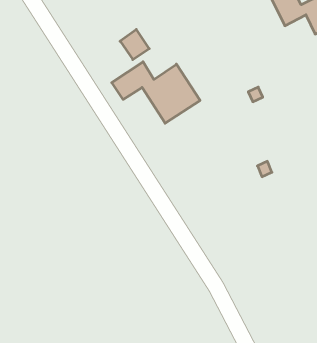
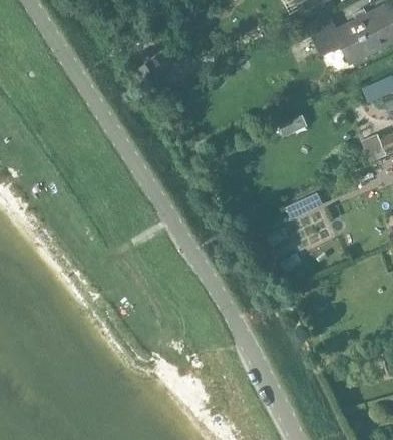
building: [112,62,200,123] -> none

